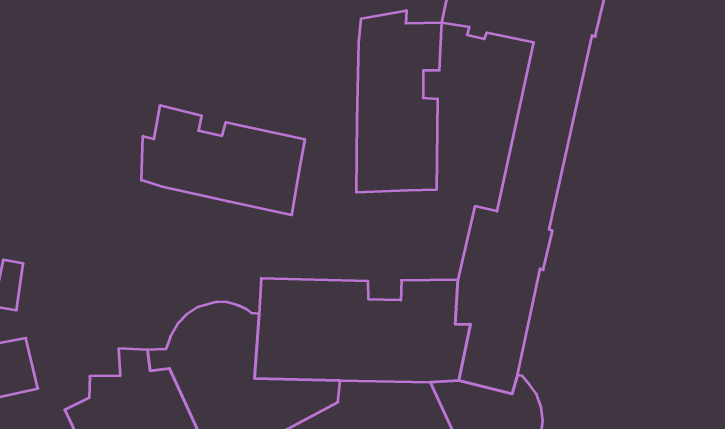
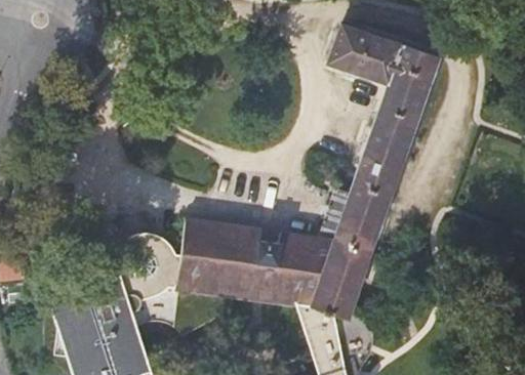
building: [356,10,441,192] -> none
building: [141,105,305,215] -> none

